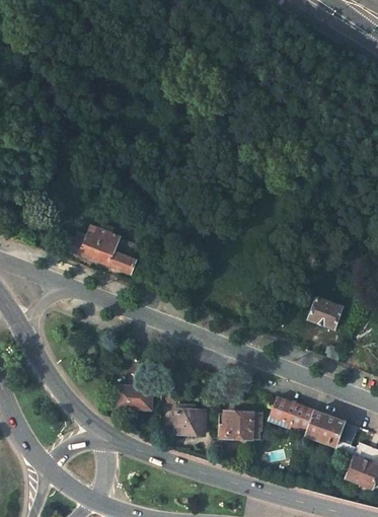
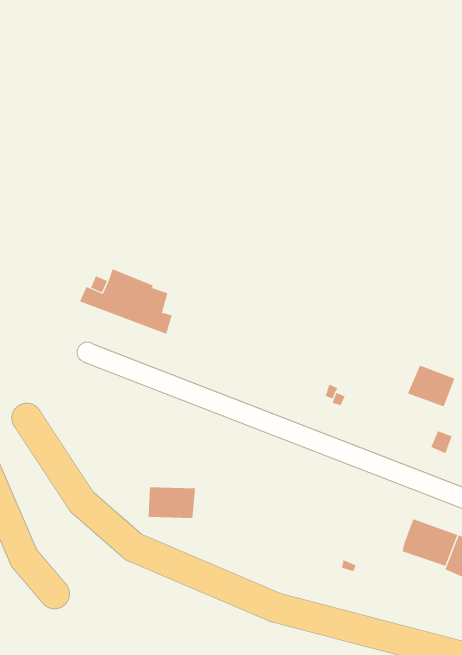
building: [269,396,312,429] -> none
building: [176,405,205,435] -> none
building: [220,412,258,442] -> none

